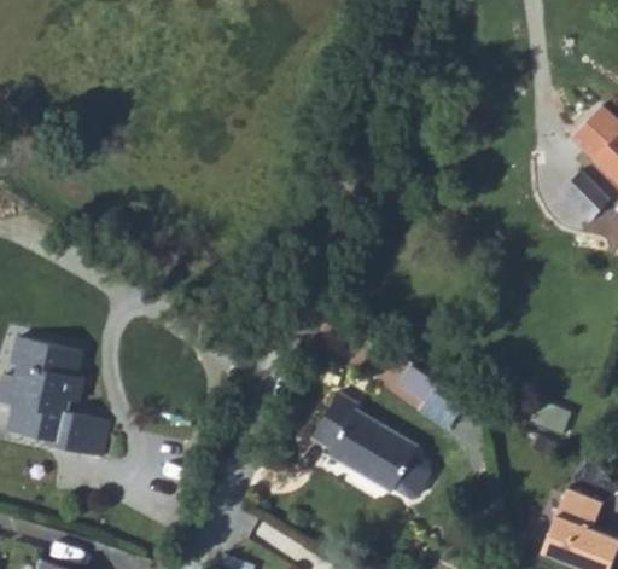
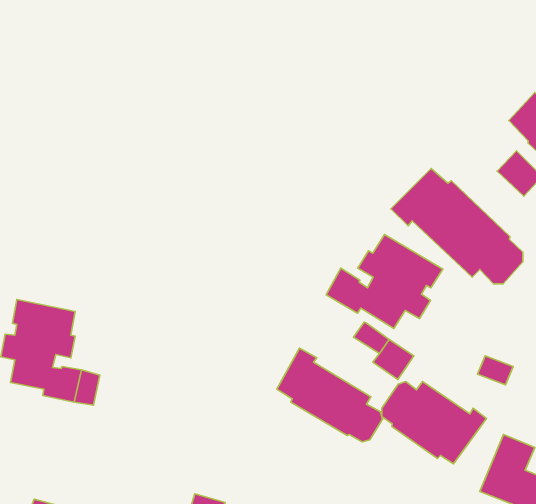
building: none -> [391,169,523,284]
building: none -> [326,235,443,328]
building: none -> [382,381,487,464]

